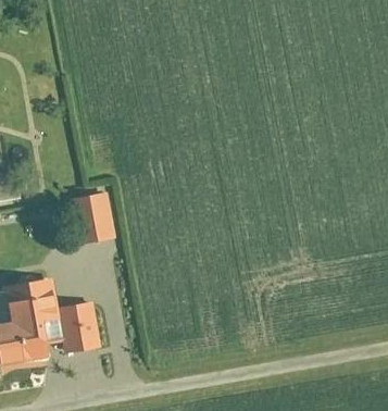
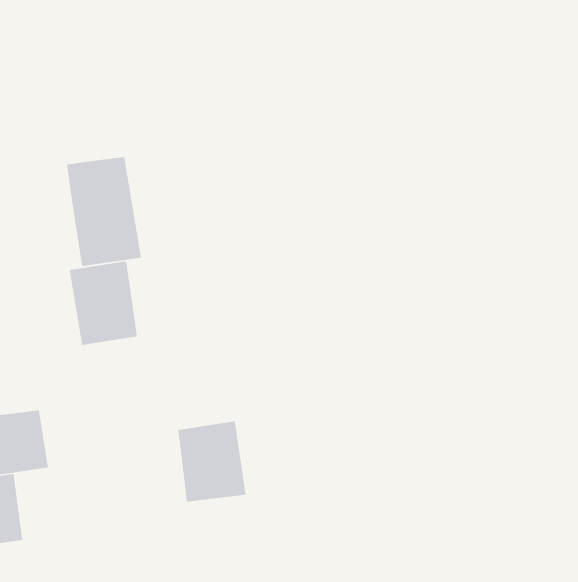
building: none -> [66,156,142,267]
building: [58,303,99,352] -> [177,421,246,502]

